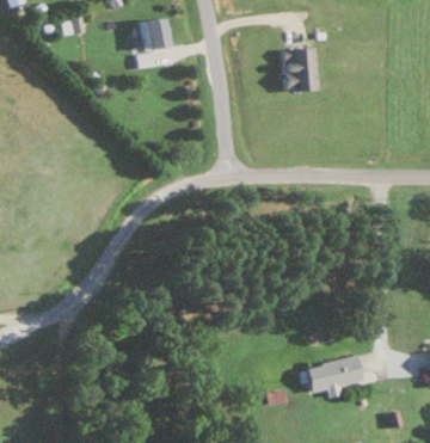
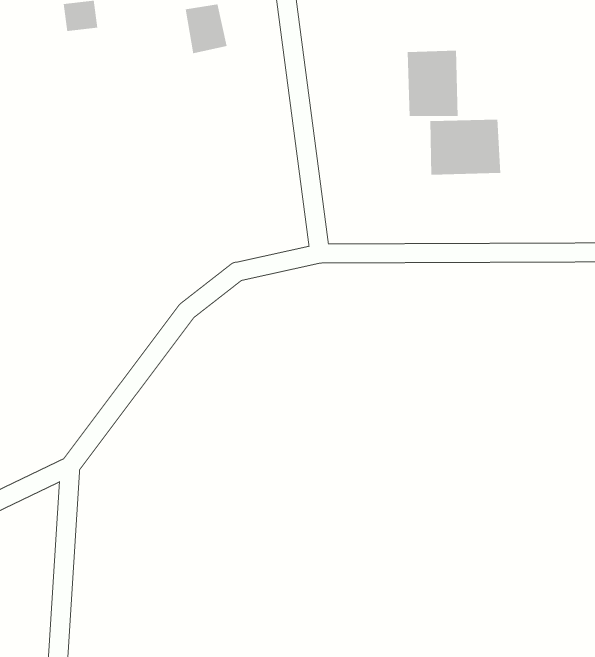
building: none -> [430,119,501,176]
building: [306,357,363,398] -> none

